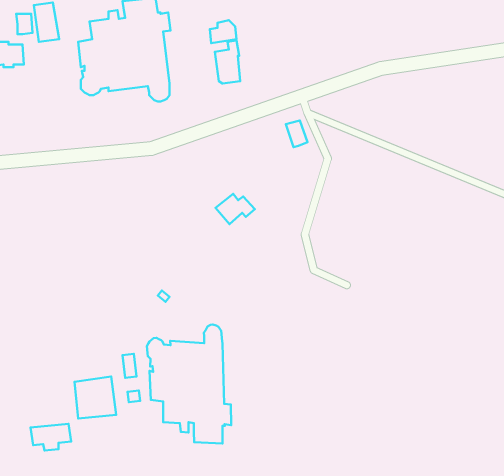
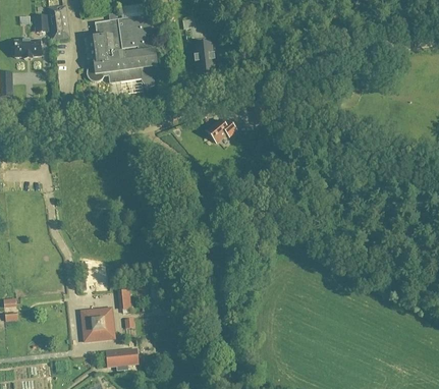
building: [215,194,255,224] -> [206,119,237,144]
building: [147,325,231,444] -> none
building: [31,424,71,450] -> [106,349,139,371]

